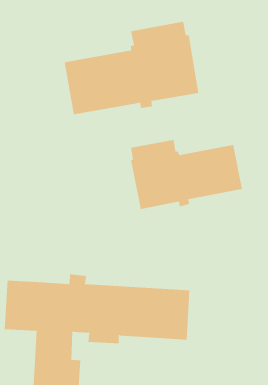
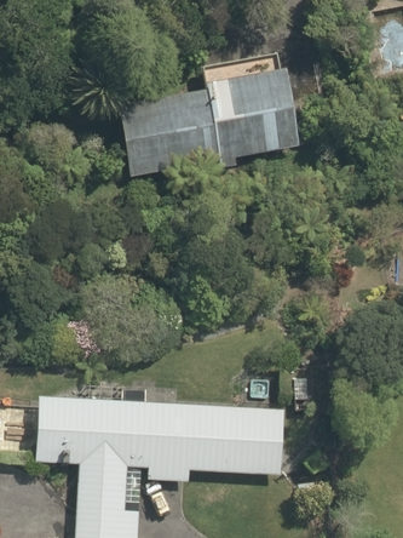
building: [130,139,242,210] -> none

